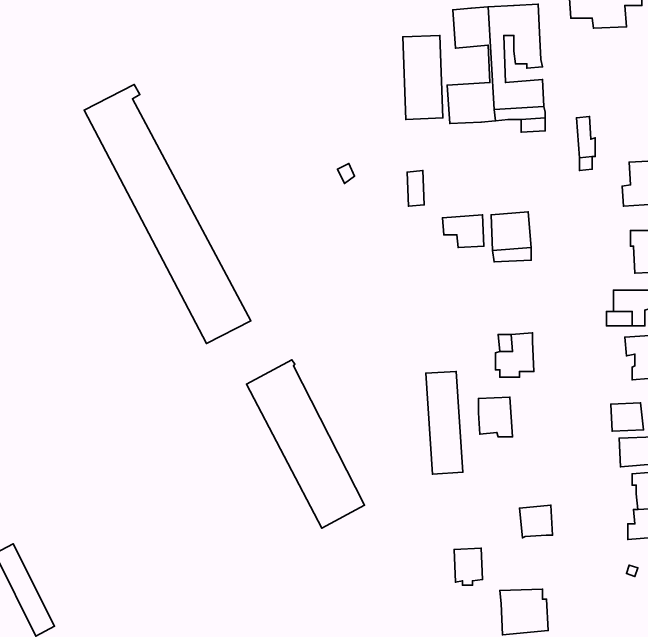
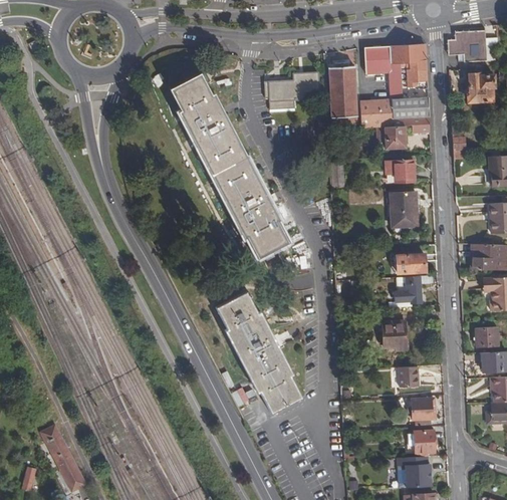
building: none -> [264,71,319,110]
building: none -> [468,73,496,102]
building: [84,85,251,344] -> [171,74,288,257]
building: none -> [385,126,408,149]
building: [443,215,484,248] -> [386,159,415,182]
building: none -> [395,253,427,273]
building: [426,371,463,474] -> none
building: none -> [399,366,418,388]
building: [454,548,482,585] -> [415,430,435,456]

